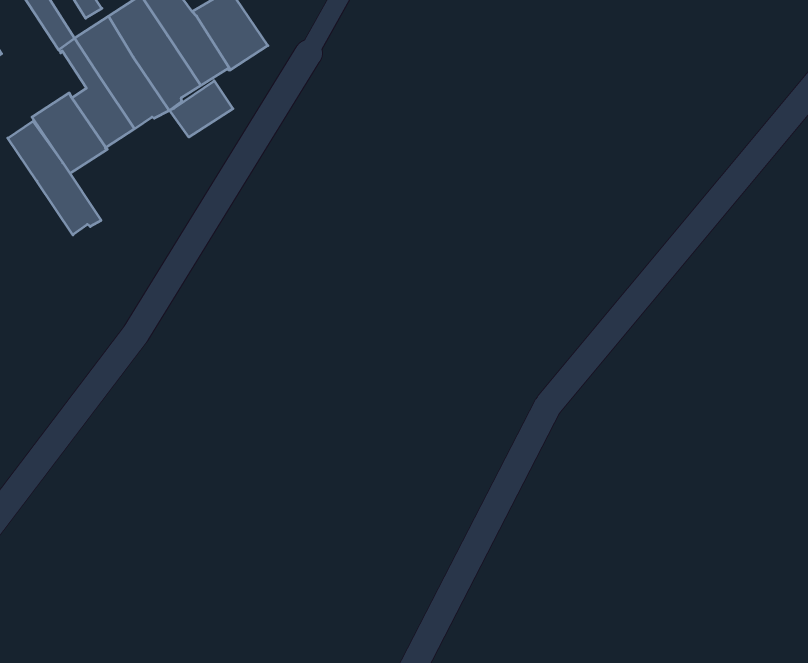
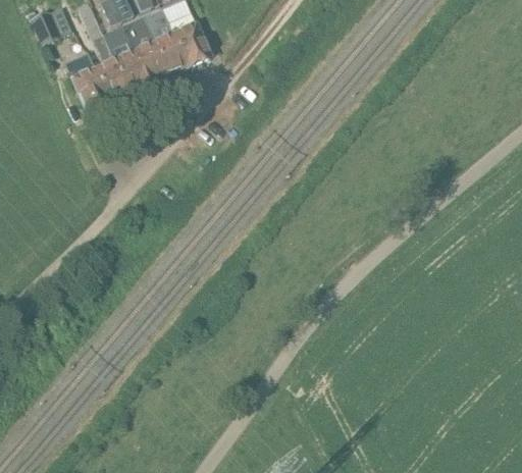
building: [169,81,233,137] -> none
building: [8,121,101,235] -> none

